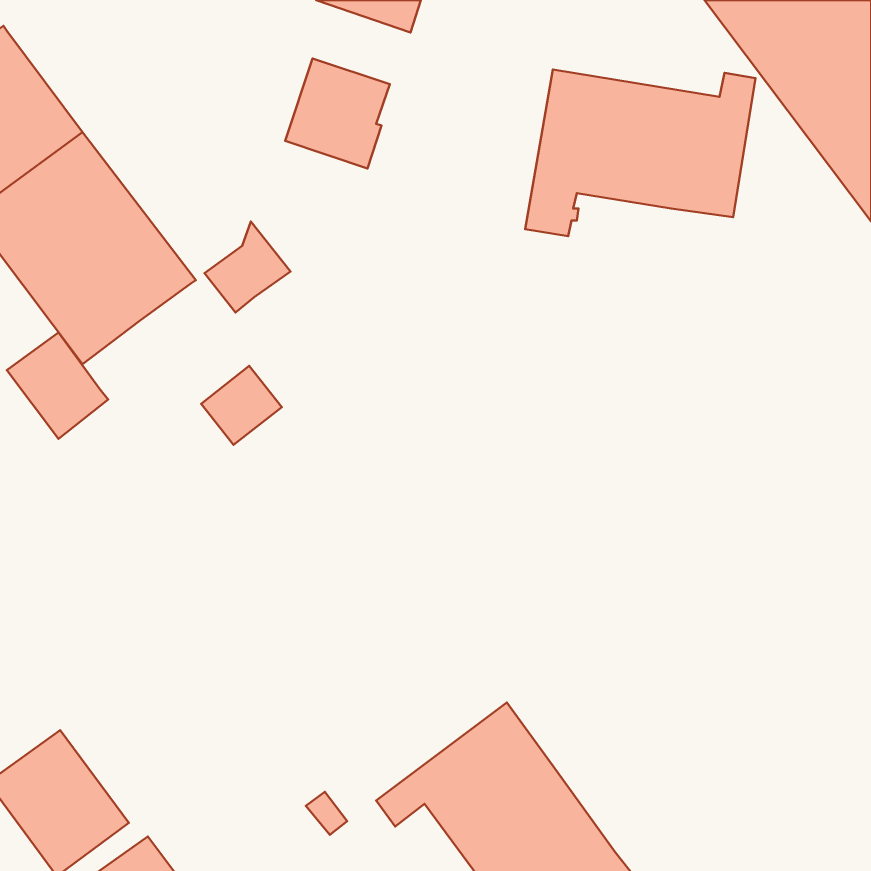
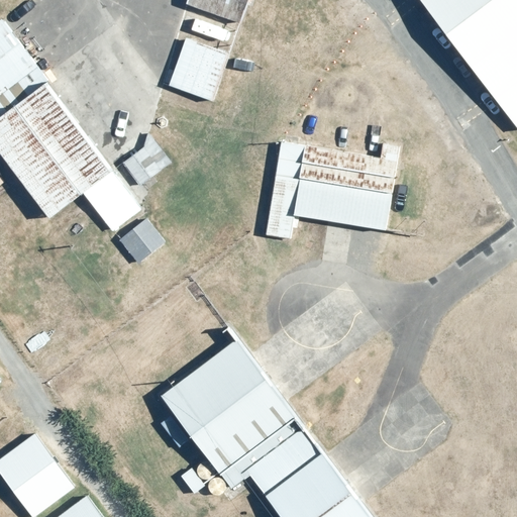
building: [525,69,755,236] -> [265,141,400,239]
building: [7,332,108,439] -> [82,171,141,233]
building: none -> [162,337,298,475]

